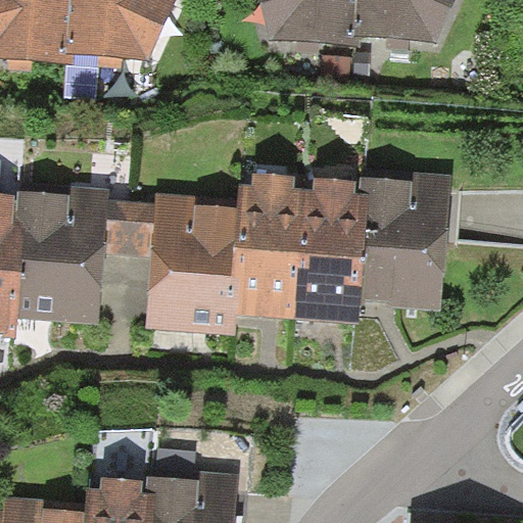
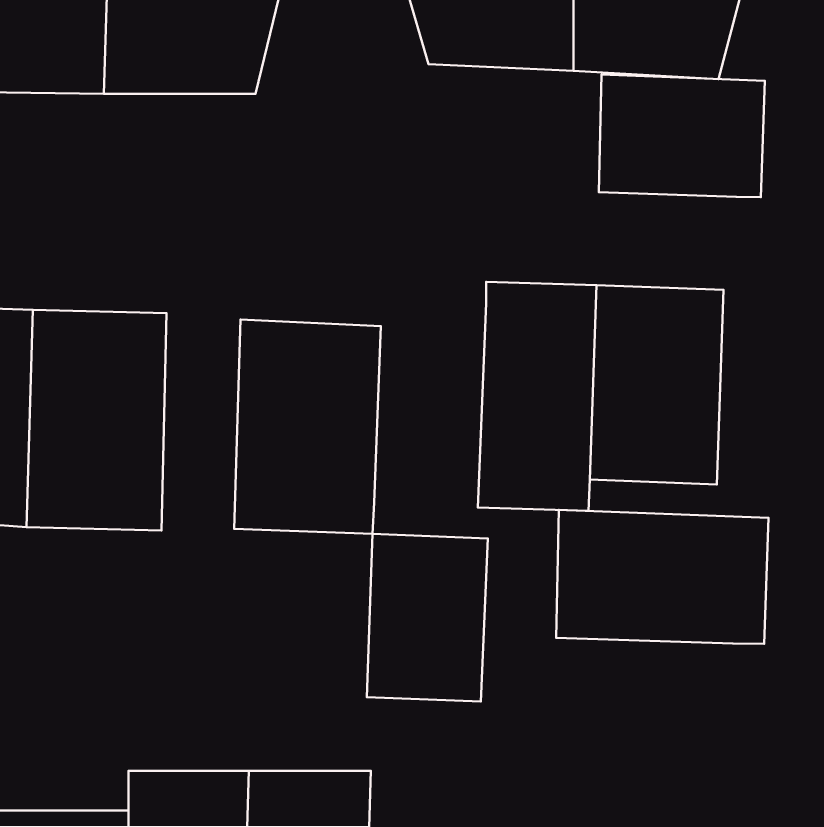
building: none -> [599,75,765,197]
building: [232,185,301,315] -> none
building: none -> [556,510,768,644]
building: none -> [367,534,488,702]

